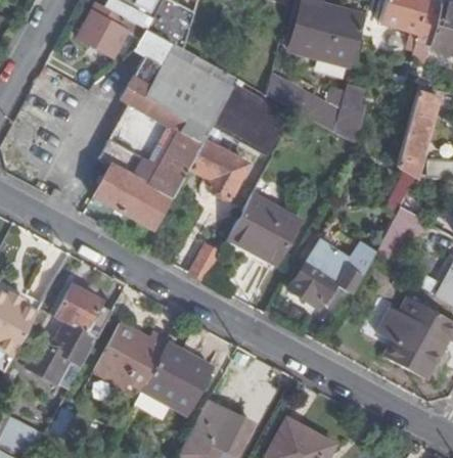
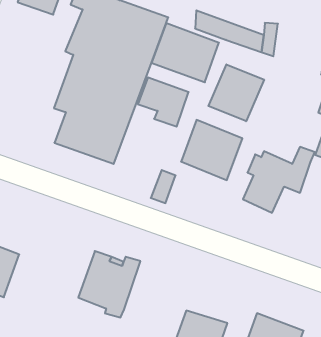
building: none -> [208,64,264,121]
building: [30,283,114,386] -> none
building: [143,342,213,414] -> none

